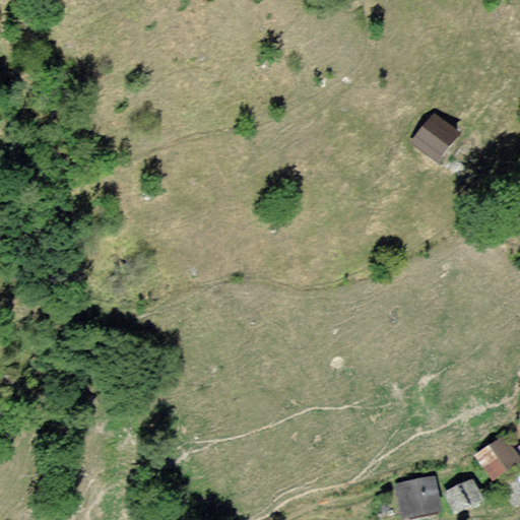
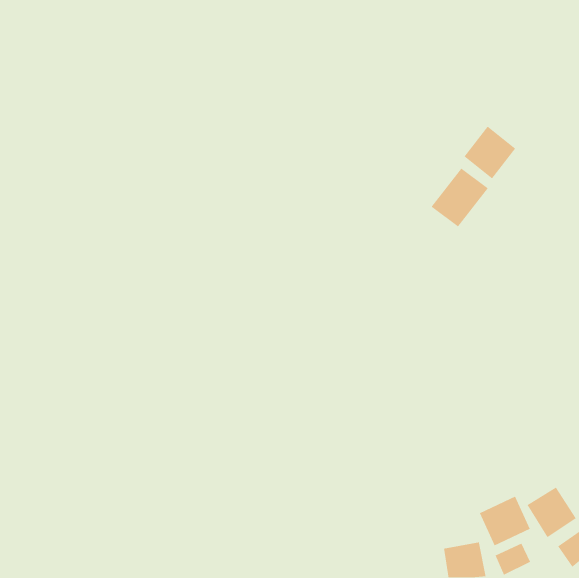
building: none -> [430,167,489,228]
building: none -> [479,495,531,547]

